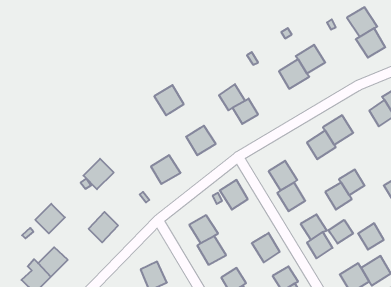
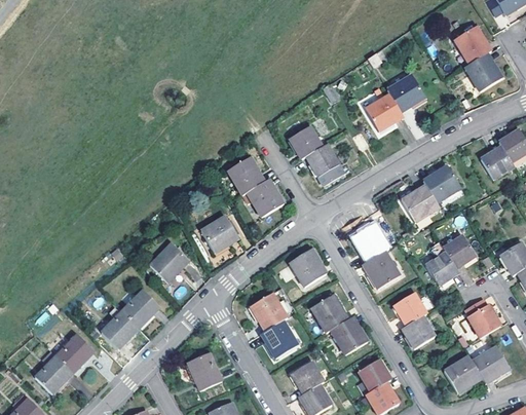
building: [154,85,184,115] -> [227,157,265,196]
building: [83,159,114,189] -> [150,242,189,281]
building: [35,204,65,233] -> [101,311,139,349]
building: none -> [311,295,348,332]
building: [328,220,353,244] -> none

